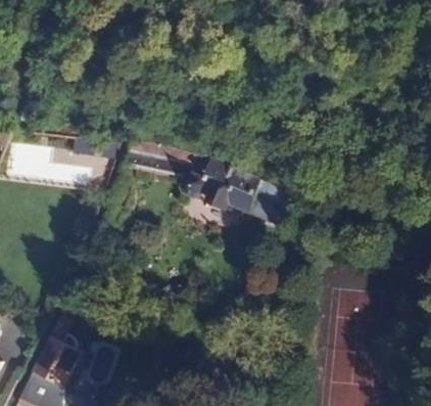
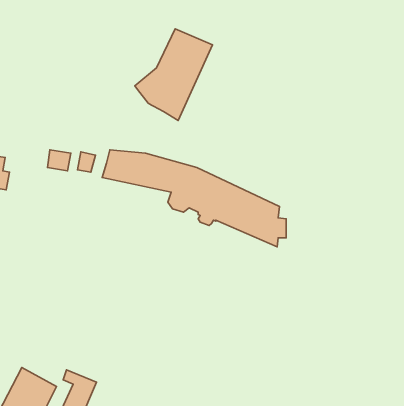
building: none -> [135,29,212,121]

